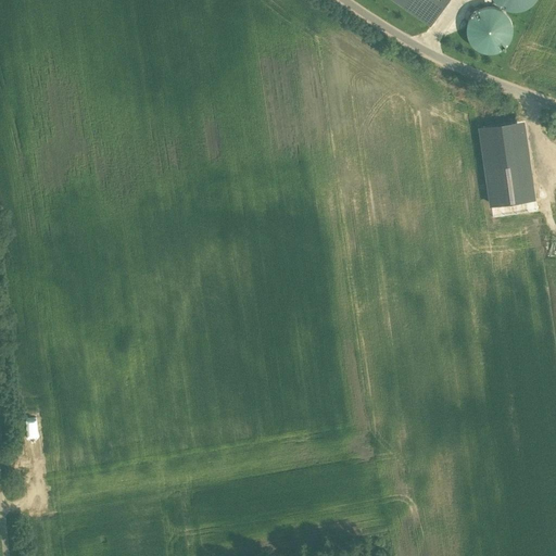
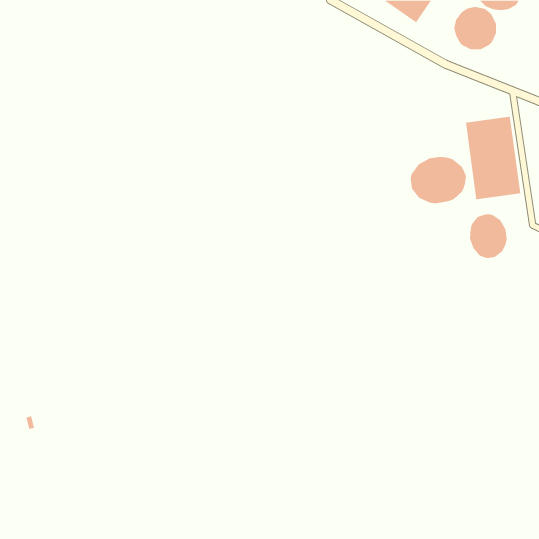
building: none -> [410,156,466,204]
building: none -> [470,213,507,259]

